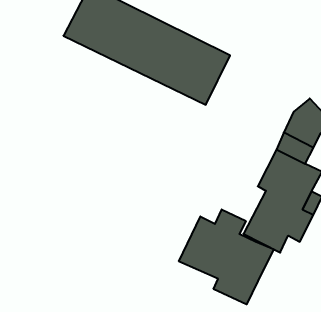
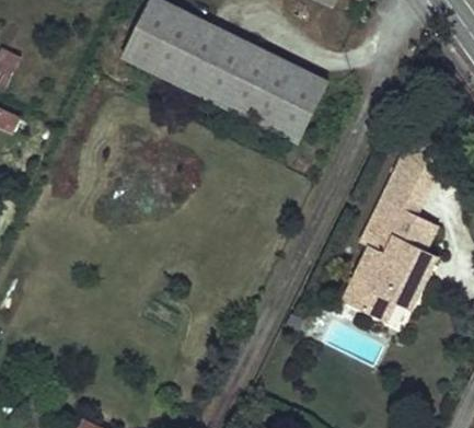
building: [179,209,274,304] -> none

